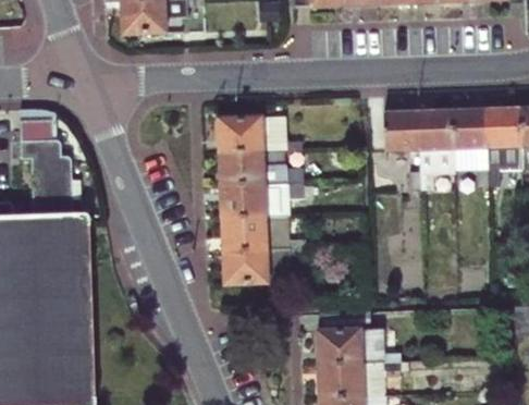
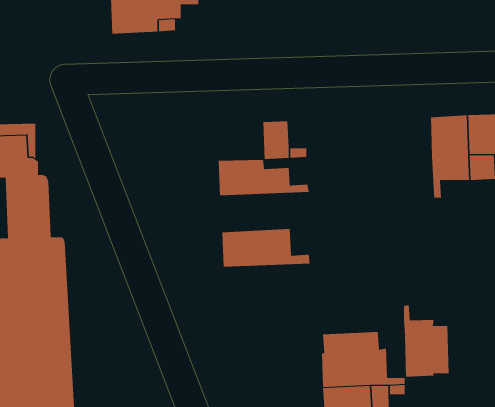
building: [385,113,419,150] -> none
building: [220,118,263,154] -> none
building: [222,183,306,220] -> none
building: [225,249,307,284] -> none
building: none -> [403,305,449,377]

